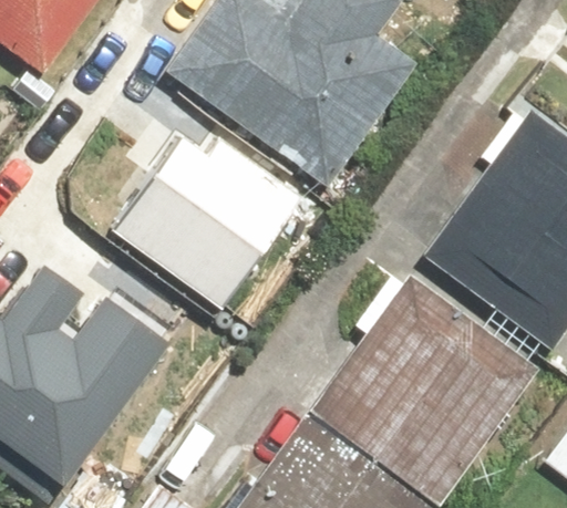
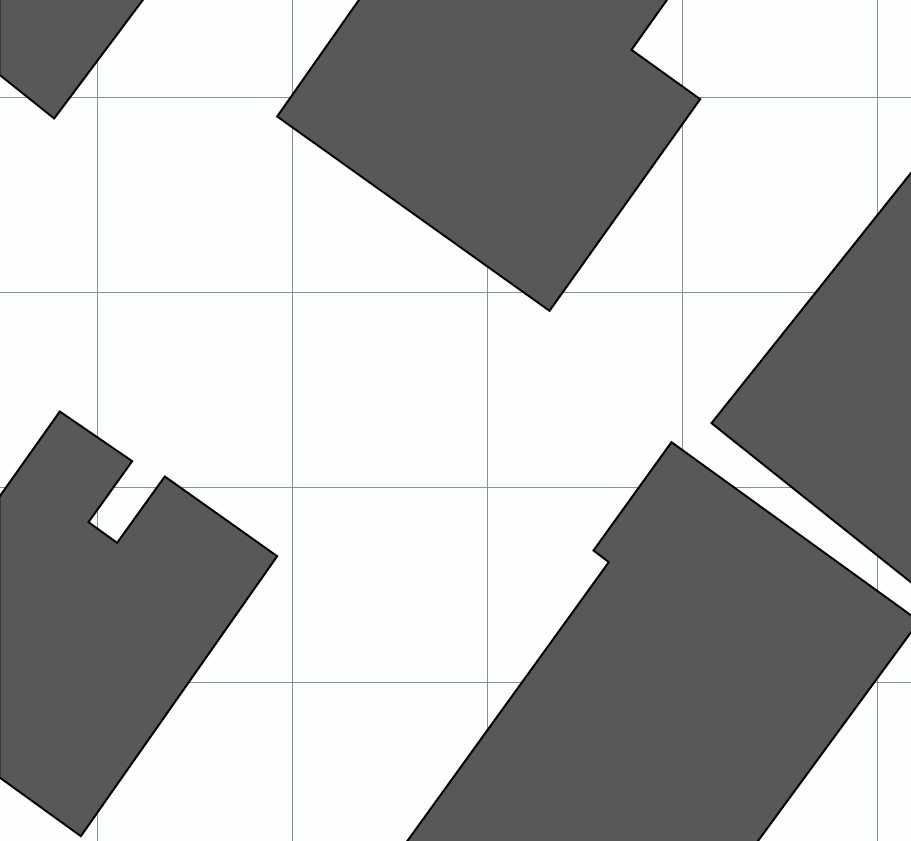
building: [112,122,305,315] -> none

